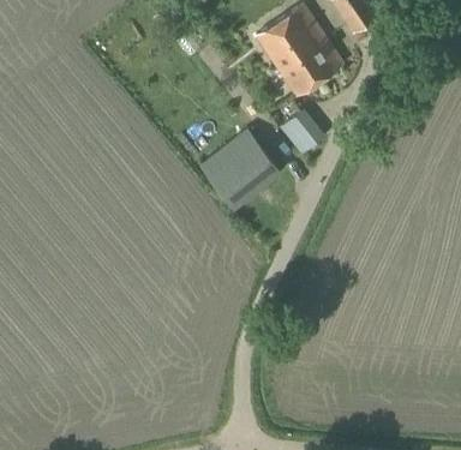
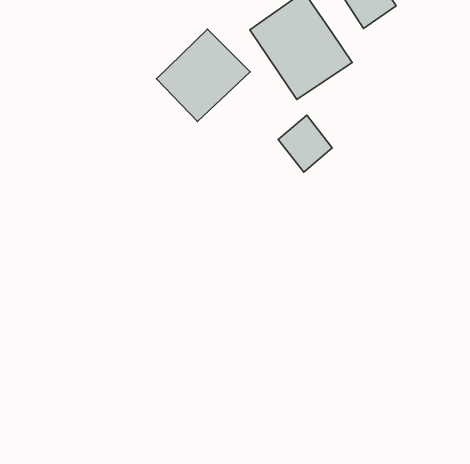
building: [205,124,285,202] -> [156,29,250,122]

